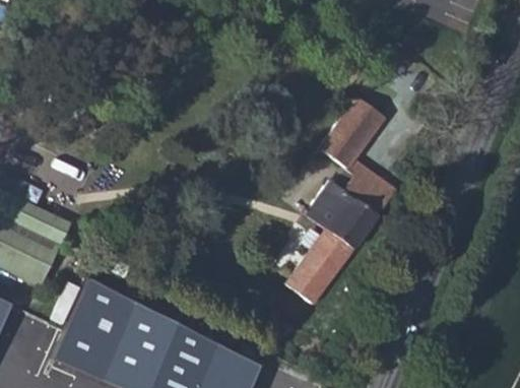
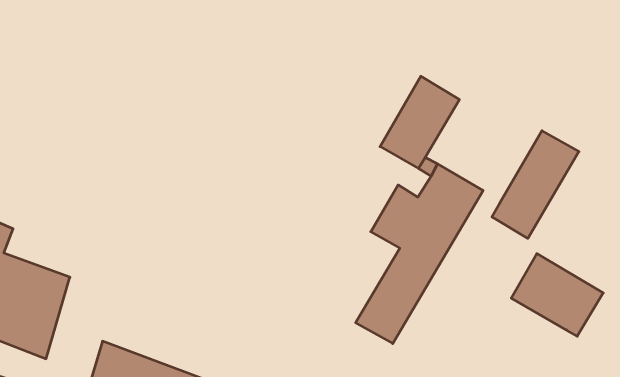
building: none -> [492,131,579,238]
building: none -> [511,254,603,336]

